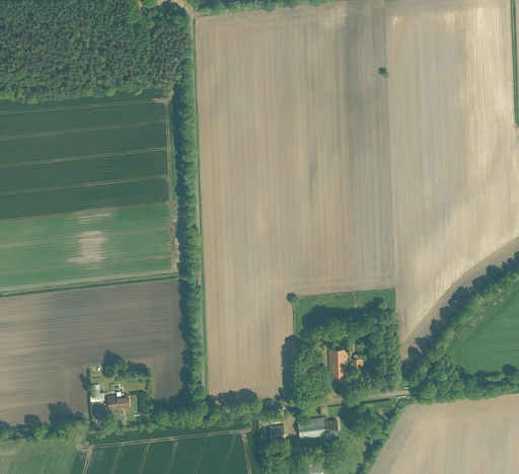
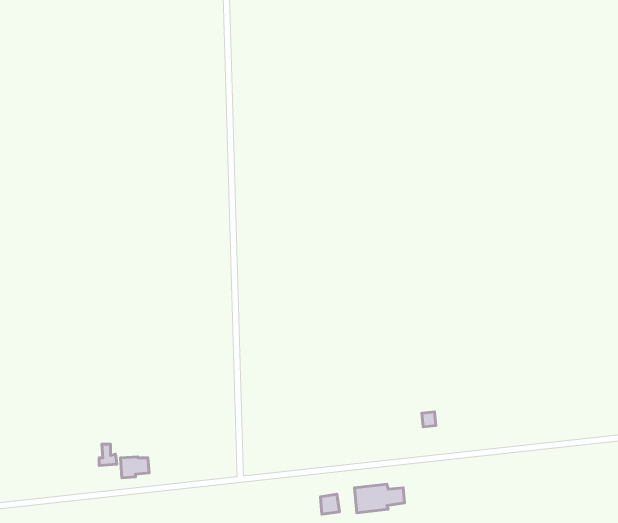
building: [328,349,347,381] -> none

